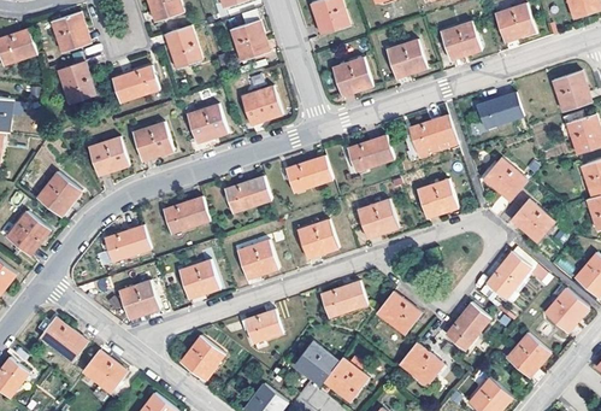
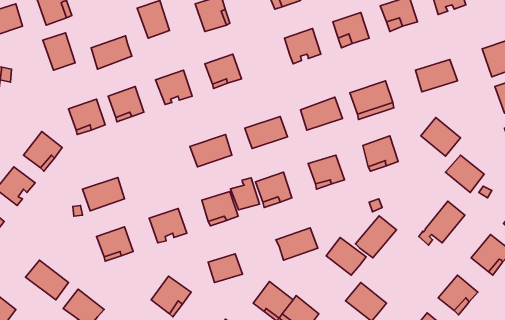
building: [163,196,210,233] -> none
building: none -> [231,178,259,210]
building: [446,303,491,350] -> [356,216,396,258]

